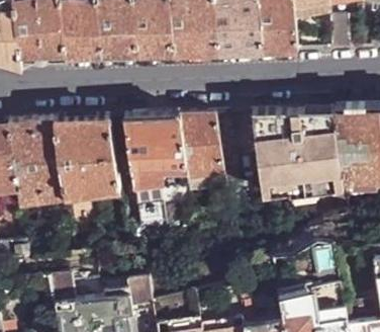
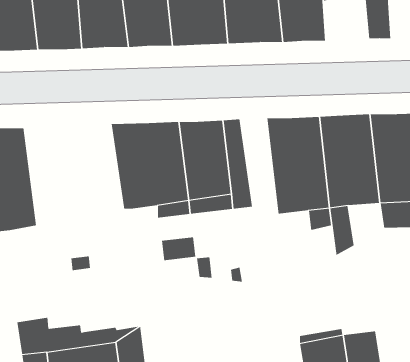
building: [55,119,118,200] -> none

